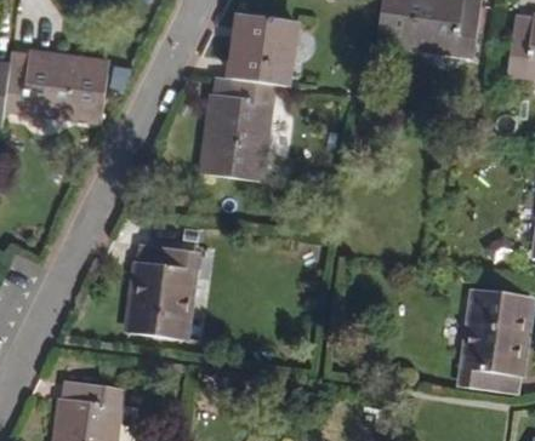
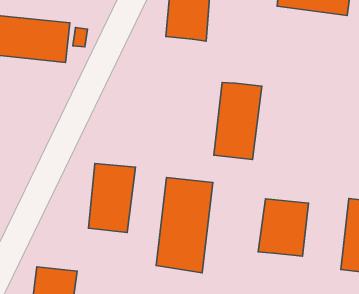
building: [206,78,269,179] -> [214,82,262,160]
building: none -> [156,178,213,273]
building: none -> [258,199,309,256]

